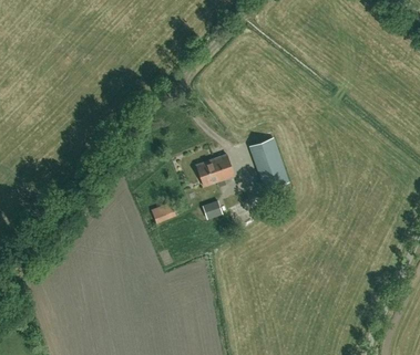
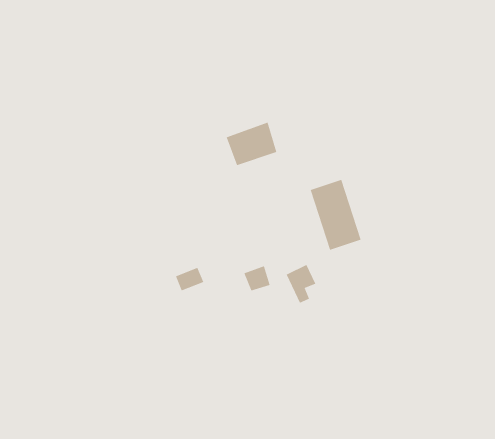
building: [196,154,234,186] -> [226,122,277,166]

